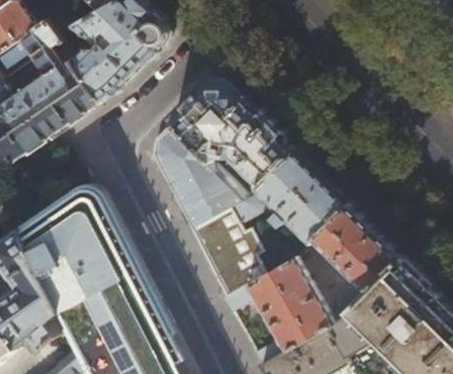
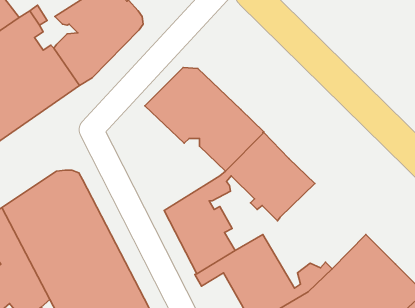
building: [147,122,234,232] -> none
building: [308,204,398,294] -> none

